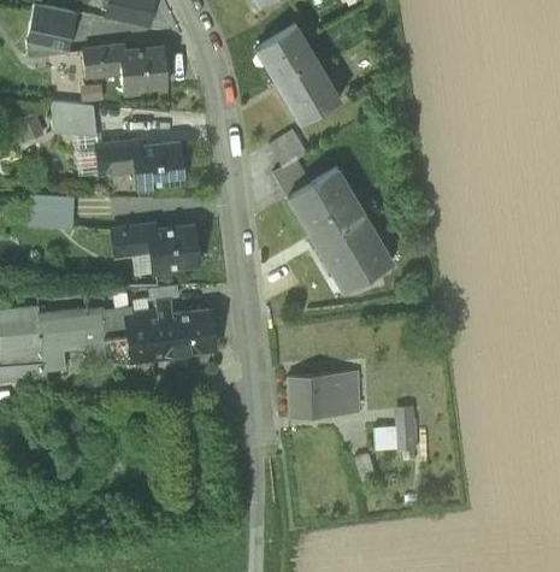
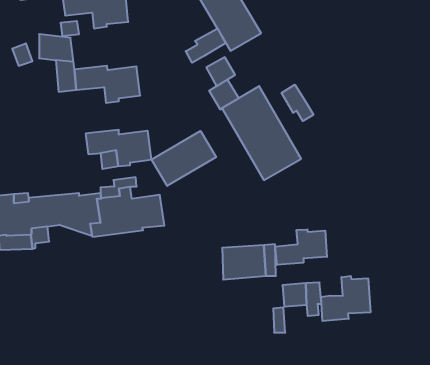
building: none -> [186,29,226,63]
building: none -> [282,85,313,121]
building: [28,195,72,228] -> none
building: none -> [151,131,216,186]
building: none -> [275,229,327,265]
building: none -> [321,276,370,321]

